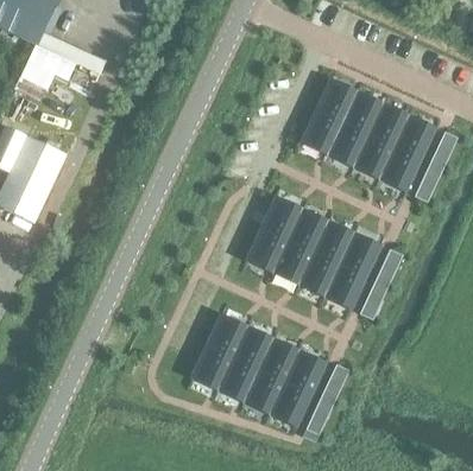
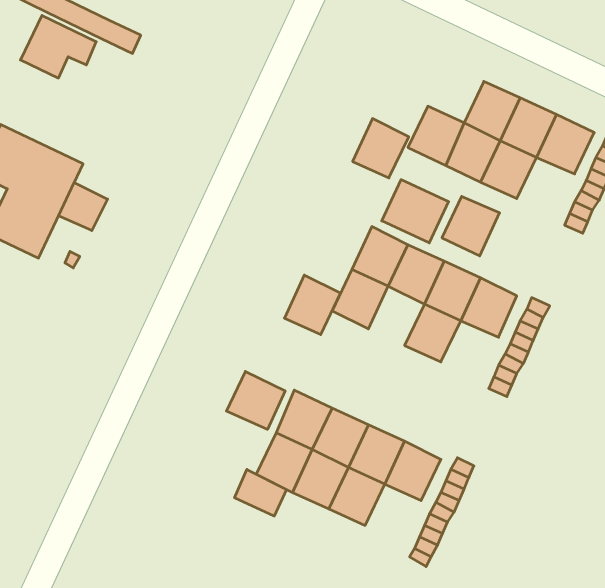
building: [315,79,355,122] -> [353,119,409,178]
building: [379,147,421,190] -> [442,196,500,256]
building: none -> [382,180,449,243]
building: none -> [58,183,108,231]
building: [272,240,313,282] -> [284,275,341,335]
building: [324,265,366,307] -> none
building: none -> [226,371,285,429]
building: none -> [235,469,287,516]
building: [270,382,310,425] -> none

